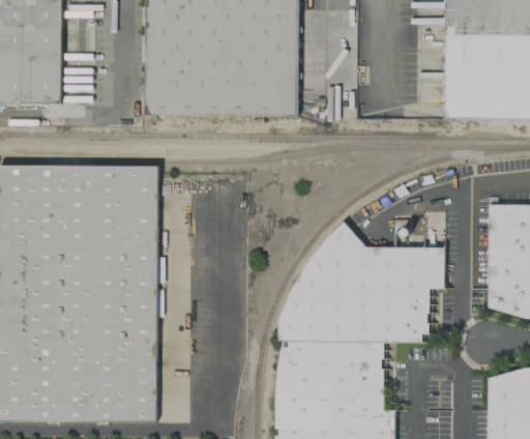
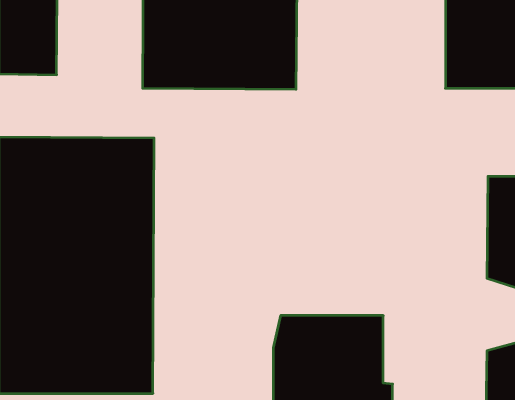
building: [277,223,443,343] -> none

